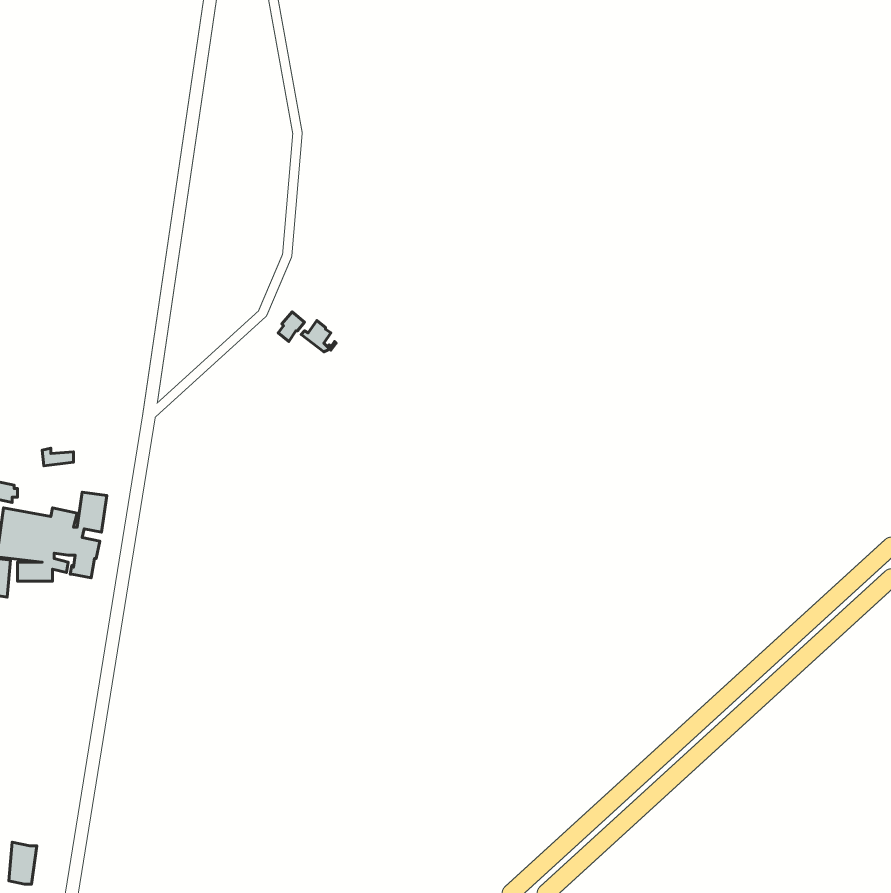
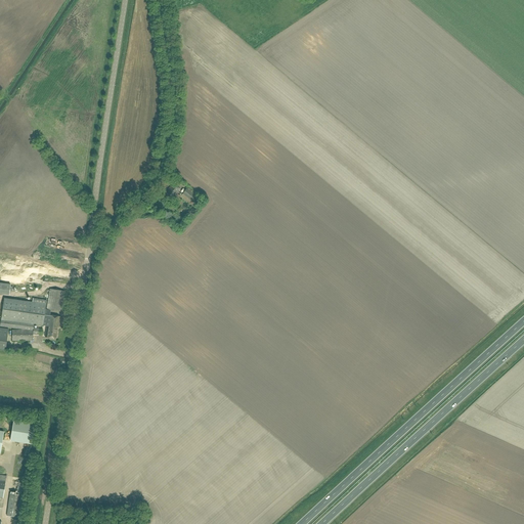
building: none -> [8,420,31,442]

